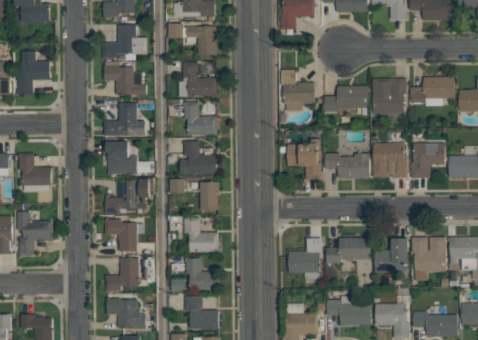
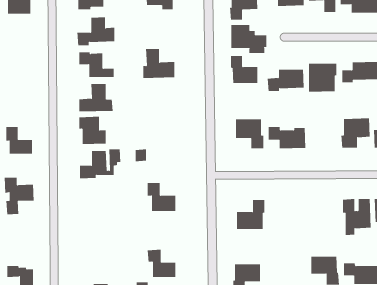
building: [186,27,218,56] -> none
building: none -> [231,24,267,54]
building: [17,52,50,96] -> none
building: [183,102,217,136] -> none
building: [180,141,217,174] -> none
building: [373,143,407,179] -> none
building: [200,182,219,210] -> none
building: [104,219,137,252] -> none
building: [325,238,370,264] -> none
building: [374,239,408,273] -> none
building: [185,257,216,293] -> none
building: [105,258,139,292] -> none
building: [105,297,145,329] -> none
building: [327,300,371,326] -> none

